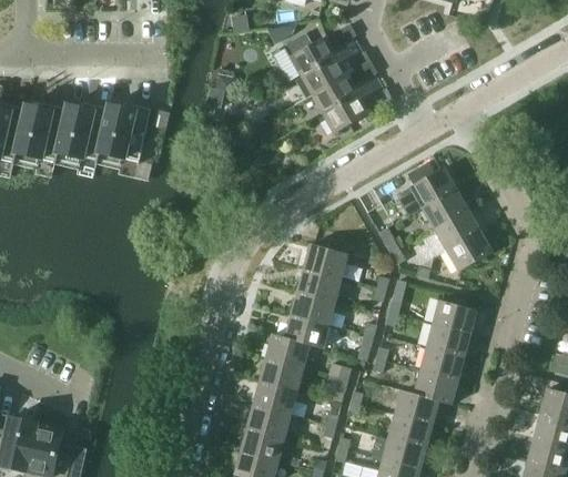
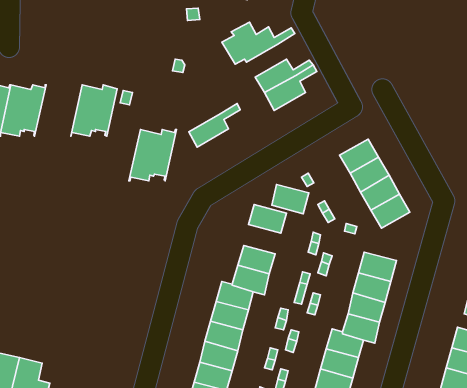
building: [302,44,362,95] -> [189,103,240,147]
building: [54,104,110,164] -> [129,130,176,181]
building: [298,267,342,302] -> [272,184,309,214]

